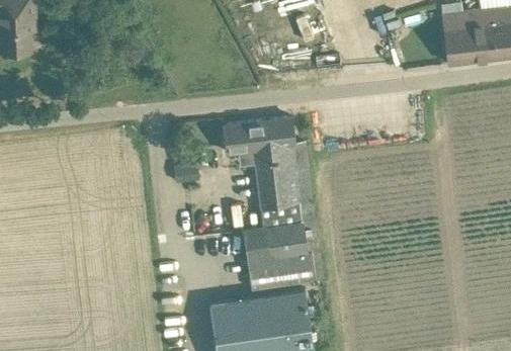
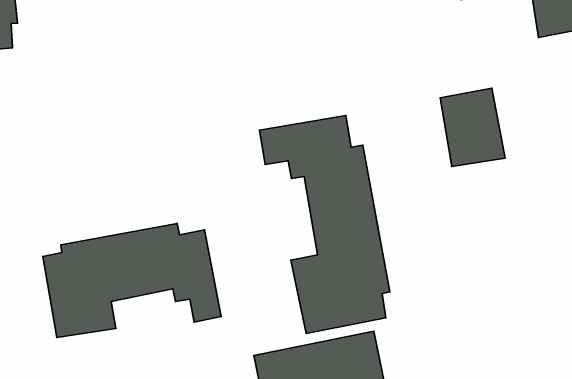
building: none -> [440,88,505,167]
building: none -> [43,223,221,337]

